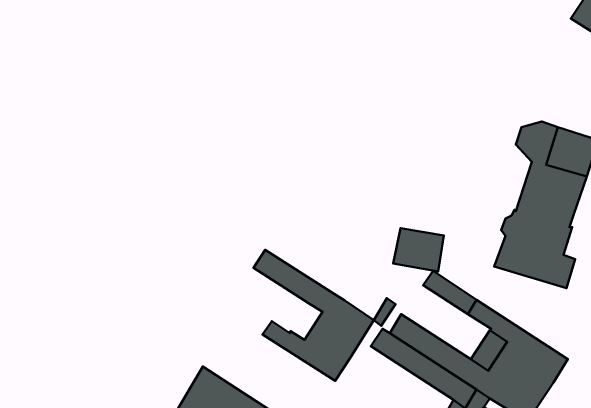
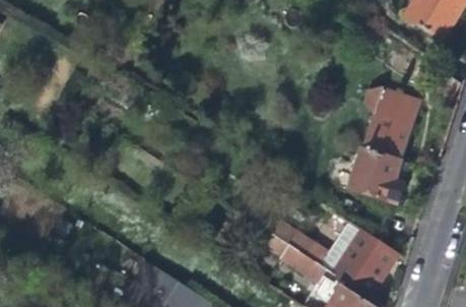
building: [393,228,444,272] -> none
building: [253,250,374,381] -> none

